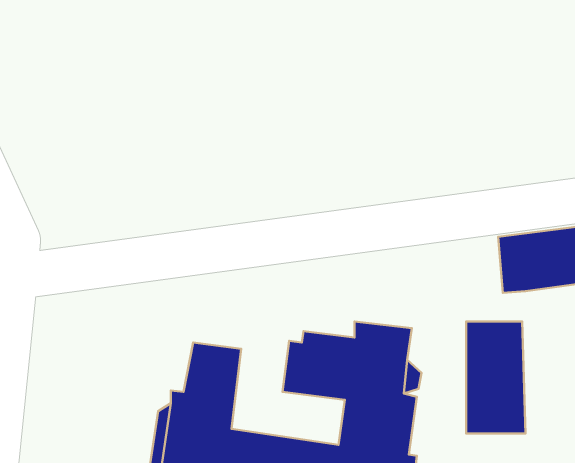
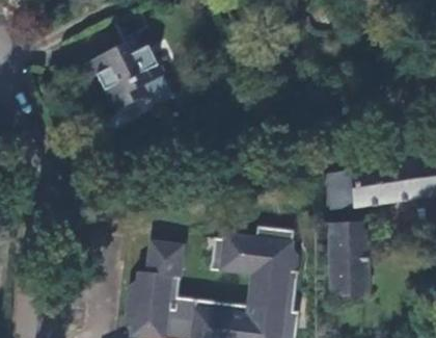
building: none -> [79,28,183,111]
building: none -> [325,170,353,208]

